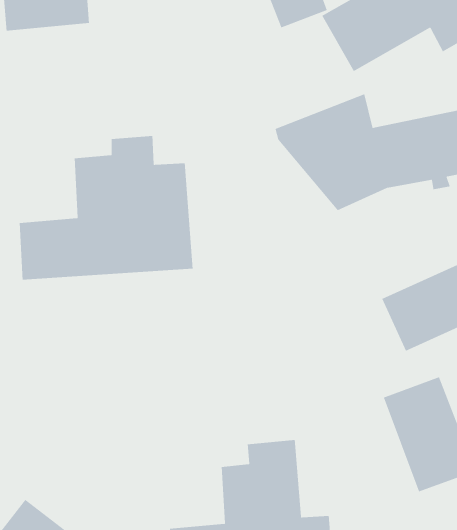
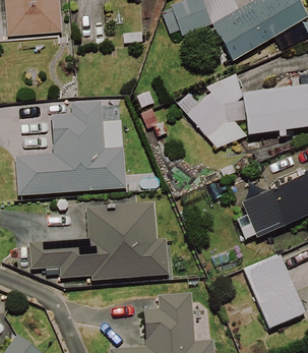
building: none -> [33,203,170,280]

